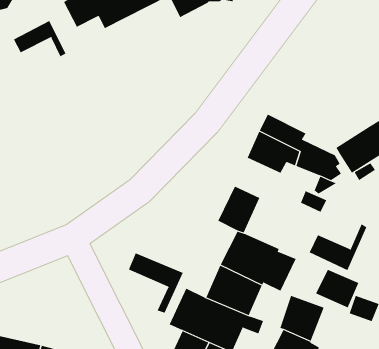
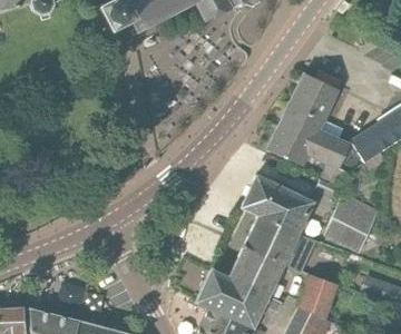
building: [13,20,66,57] -> none
building: none -> [285,73,336,127]
building: none -> [264,186,311,233]
building: [128,252,183,314] -> none
building: [315,269,359,308] -> [331,197,371,233]

